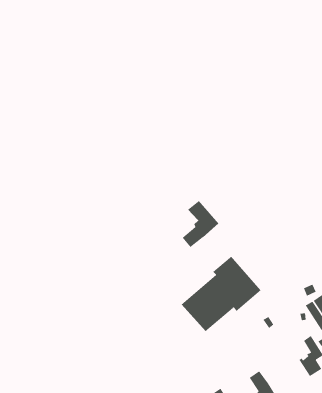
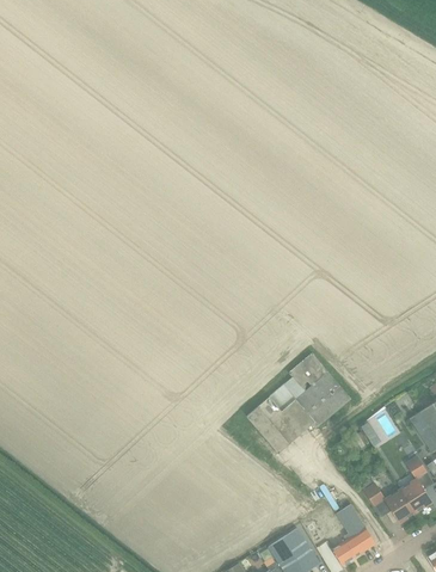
building: [182,200,219,248] -> none
building: none -> [364,484,414,522]

